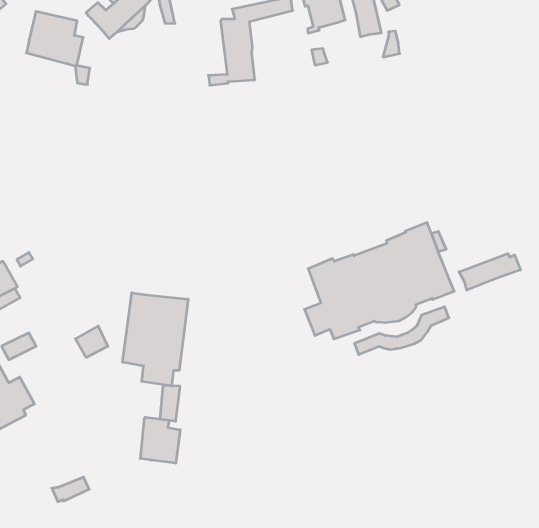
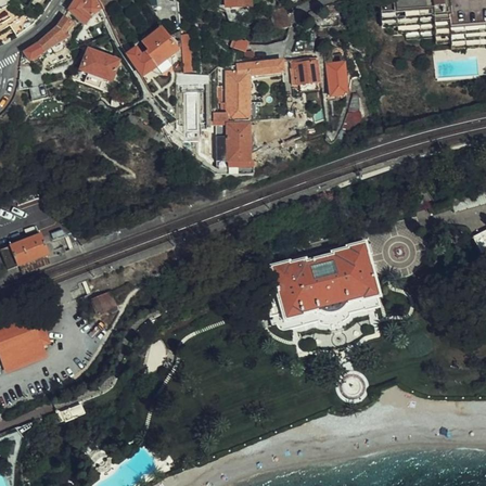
building: none -> [219,117,254,174]
building: [459,254,521,290] -> none
building: [123,293,188,386] -> none
building: [140,417,180,463] -> none

